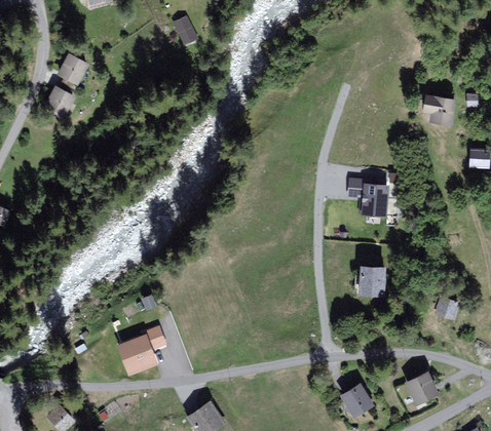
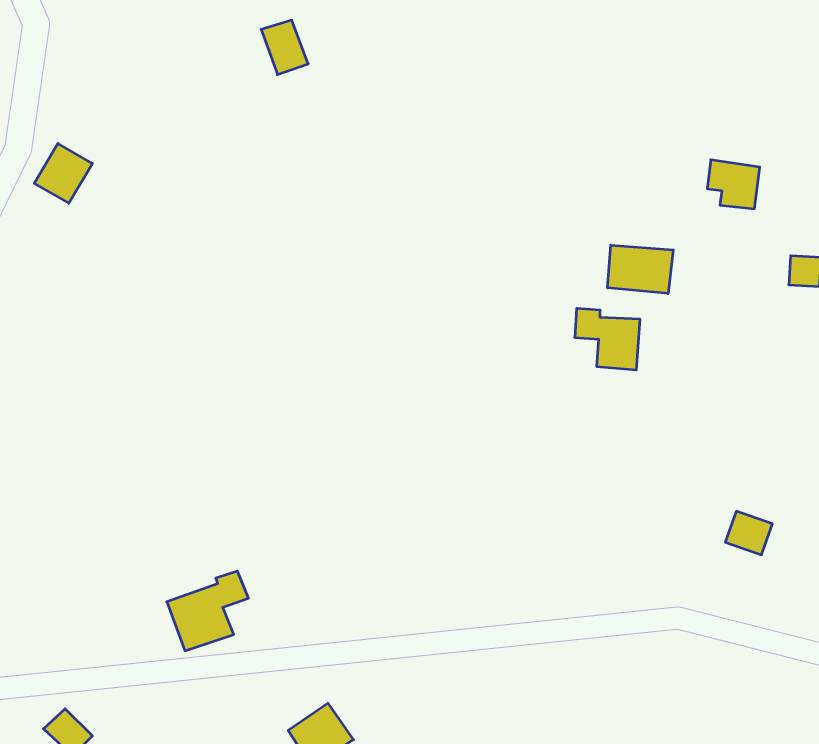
building: [58,52,89,84] -> none
building: none -> [608,245,673,294]
building: [361,263,386,295] -> none
building: [407,371,440,404] -> none
building: [340,383,373,417] -> none

